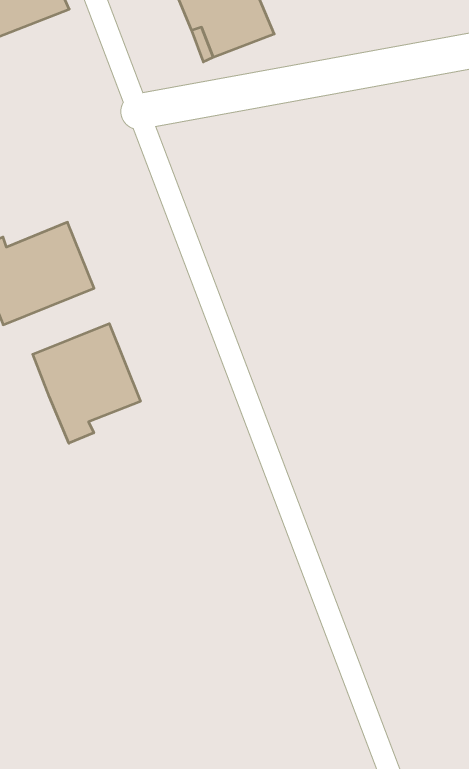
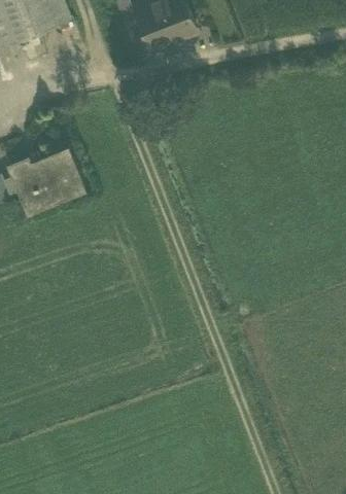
building: [33,324,140,443] -> none

